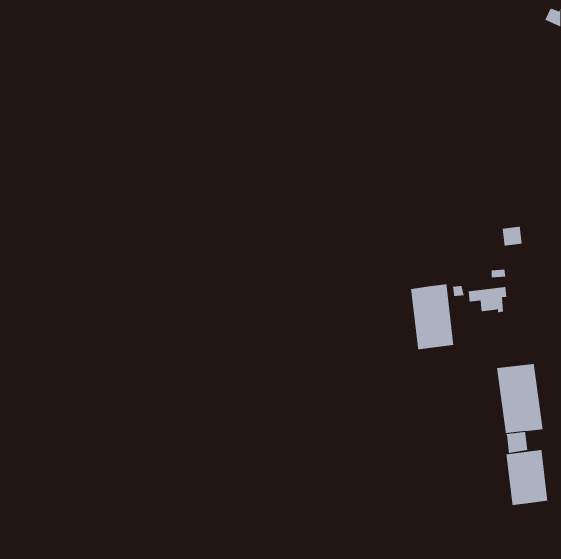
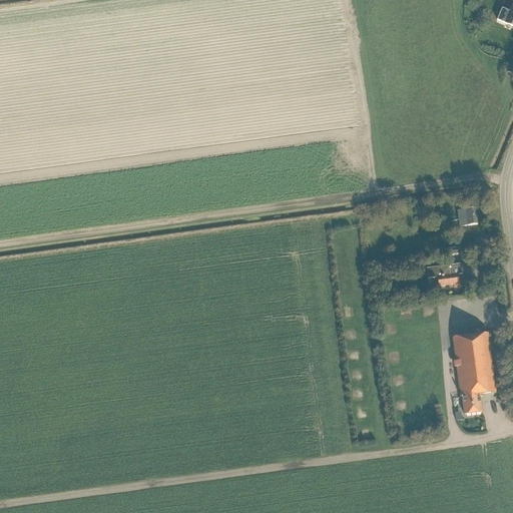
building: [411,284,454,350] -> none
building: [506,449,548,506] -> none

